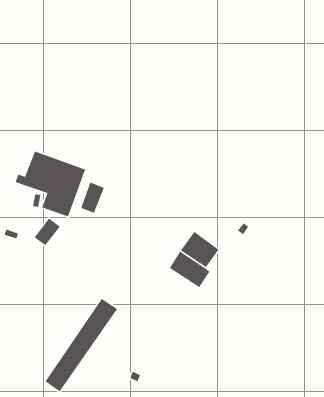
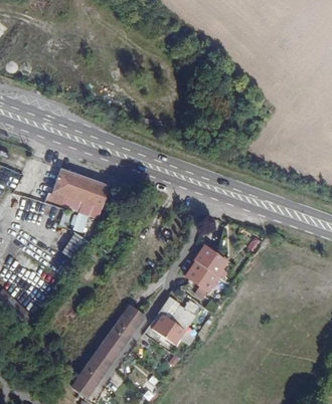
building: [80,182,105,214] -> none
building: none -> [149,295,195,345]

